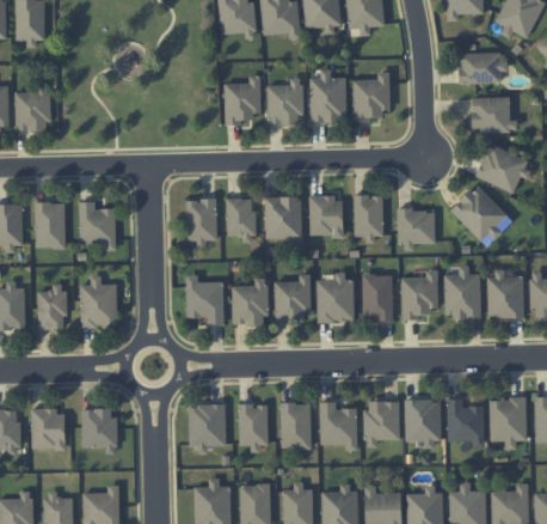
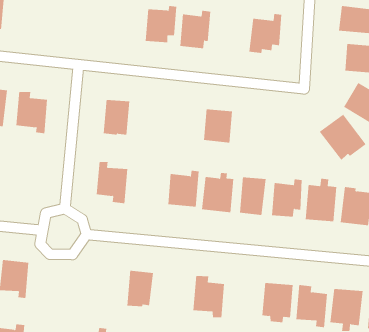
building: [311,71,348,121] -> none
building: [354,195,383,243] -> none
building: [265,196,302,238] -> none
building: [227,199,256,243] -> none
building: [399,209,435,251] -> none
building: [81,275,118,327] -> none
building: [233,279,268,325] -> none
building: [364,401,400,447] -> none
building: [281,402,312,449] -> none
building: [189,404,227,452] -> none

